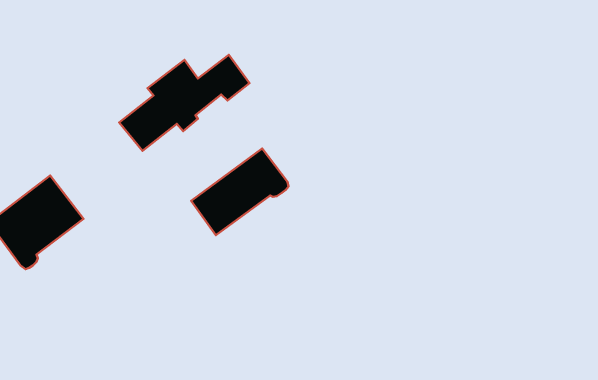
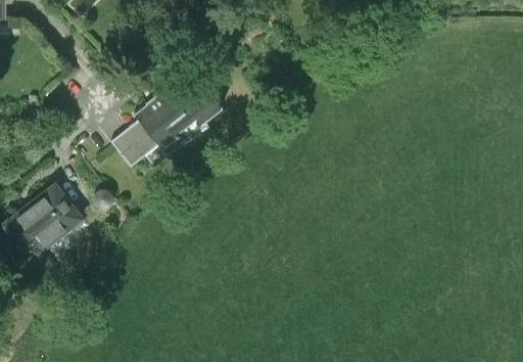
building: [191,149,289,235] -> none

